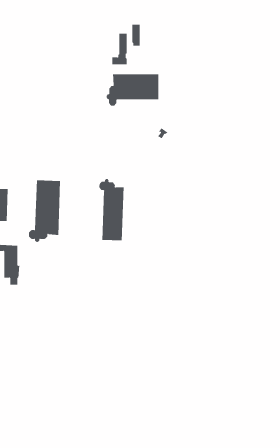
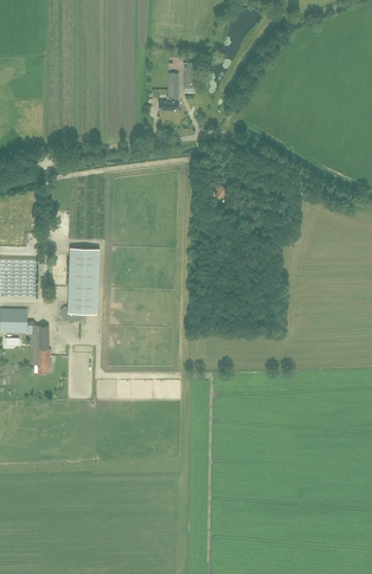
building: [106,73,159,107] -> none
building: [99,178,124,241] -> none

